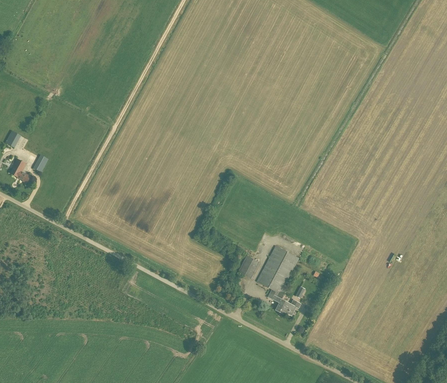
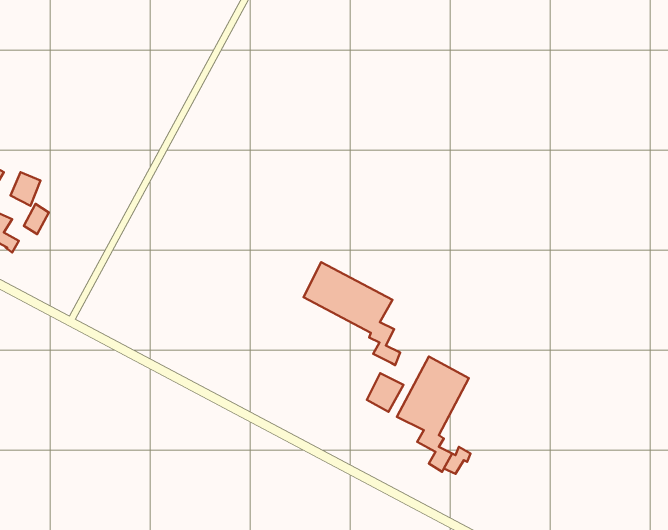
building: none -> [303,262,400,365]

